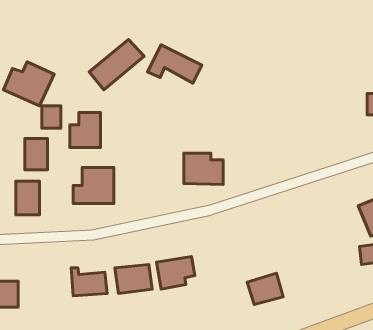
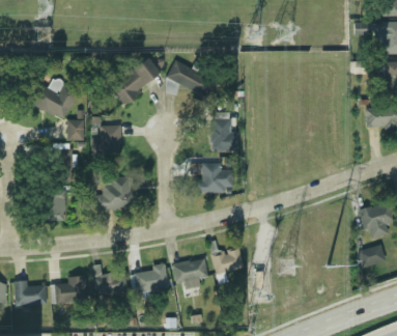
building: none -> [211,113,231,149]
building: [247,273,283,305] -> [210,246,244,275]
building: none -> [51,276,87,302]

